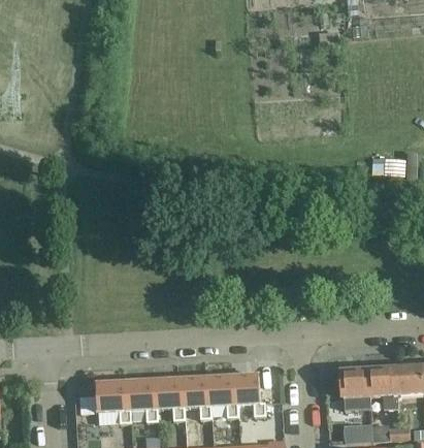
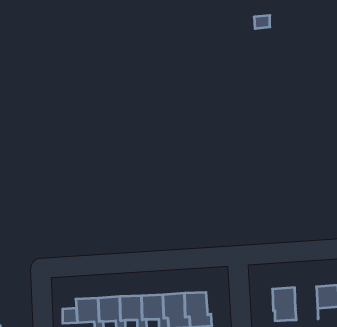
building: [368,367,397,409] -> none

